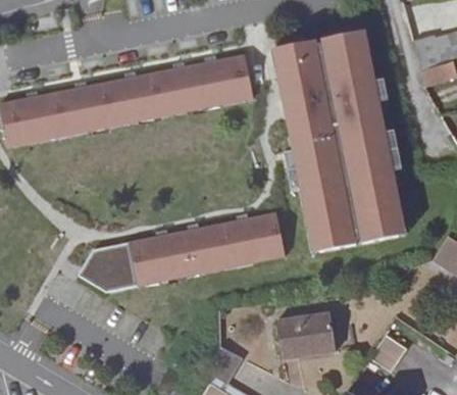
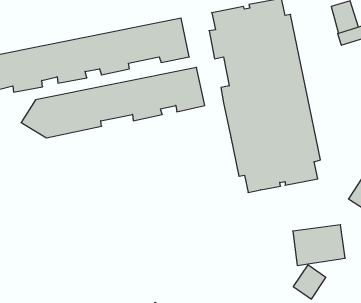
building: [79,212,286,292] -> [21,67,205,138]
building: [276,312,336,358] -> [293,225,345,265]

